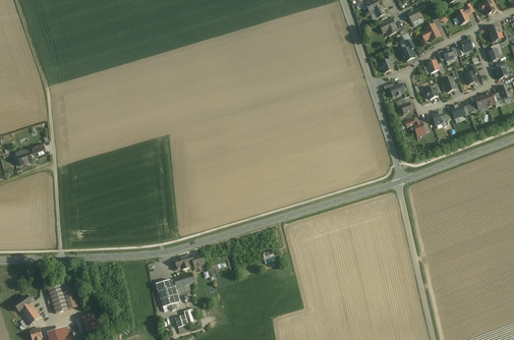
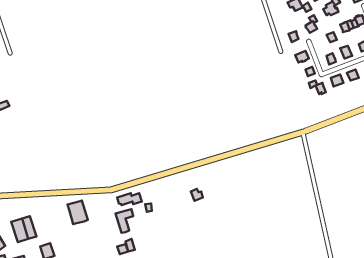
building: [155,278,179,306] -> [67,200,88,224]

